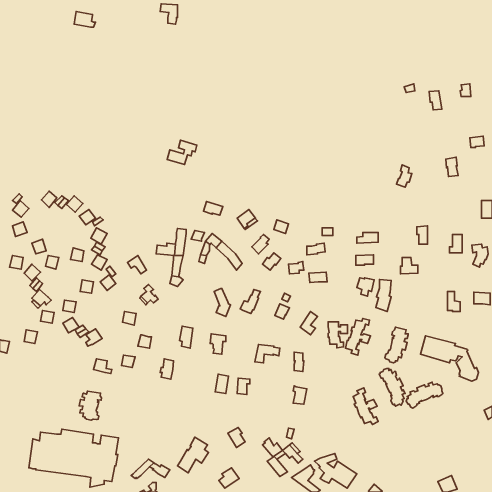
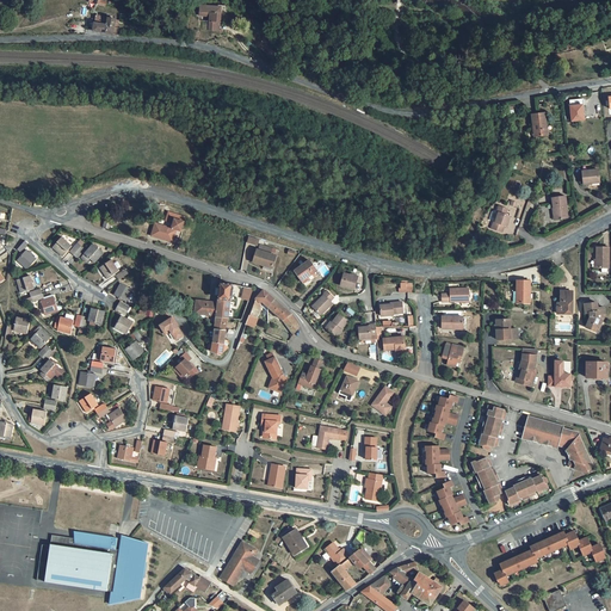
building: [167,140,197,164] -> [150,211,187,241]
building: [376,280,391,311] -> [517,347,536,387]
building: [328,322,347,348] -> [425,445,449,477]
building: [79,391,102,420] -> none
building: none -> [493,530,604,585]

